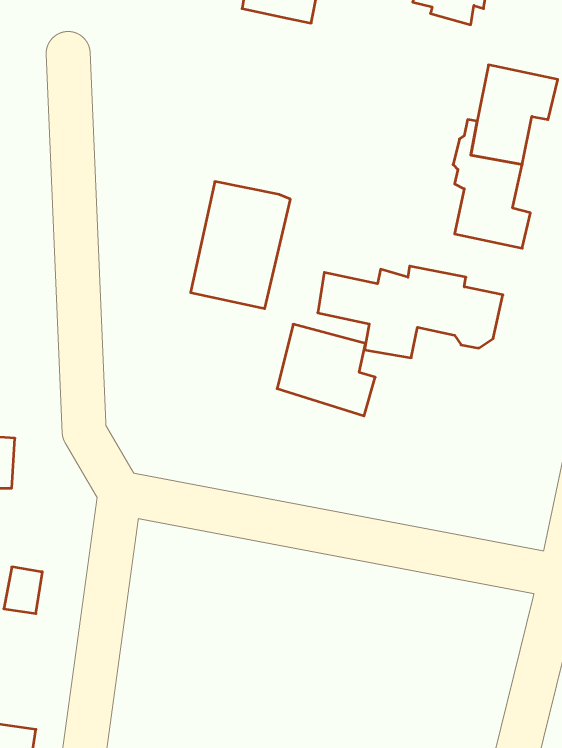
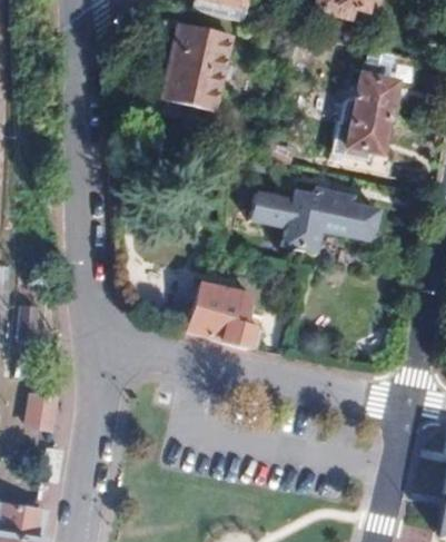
building: [191,182,290,309] -> [163,22,232,110]
building: [277,324,375,416] -> [189,285,257,348]

